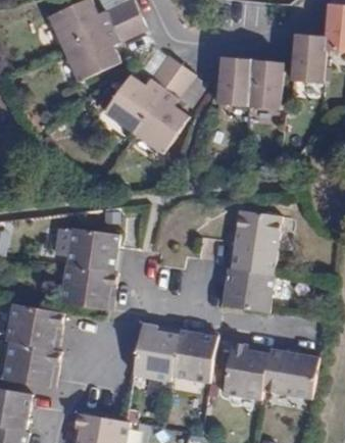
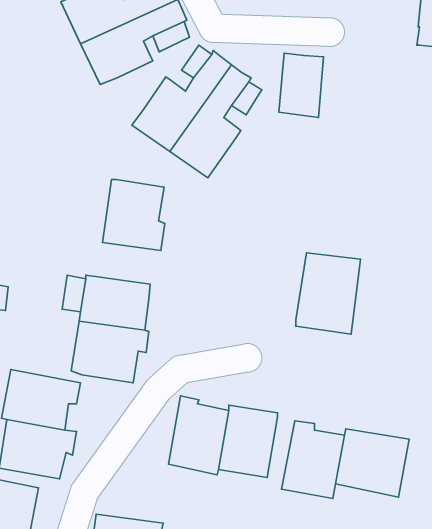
building: [292,34,328,84] -> none
building: [249,59,285,109] -> none
building: none -> [103,179,165,251]
building: [223,267,275,312] -> none

